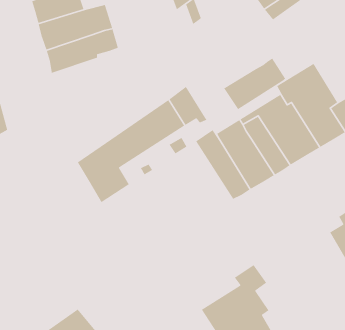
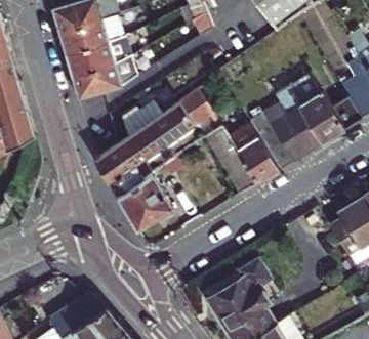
building: none -> [71,56,138,102]
building: [223,57,286,110] -> none
building: none -> [118,96,163,135]
building: none -> [117,178,172,234]

